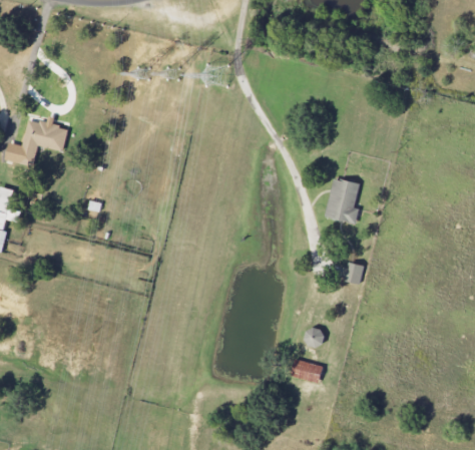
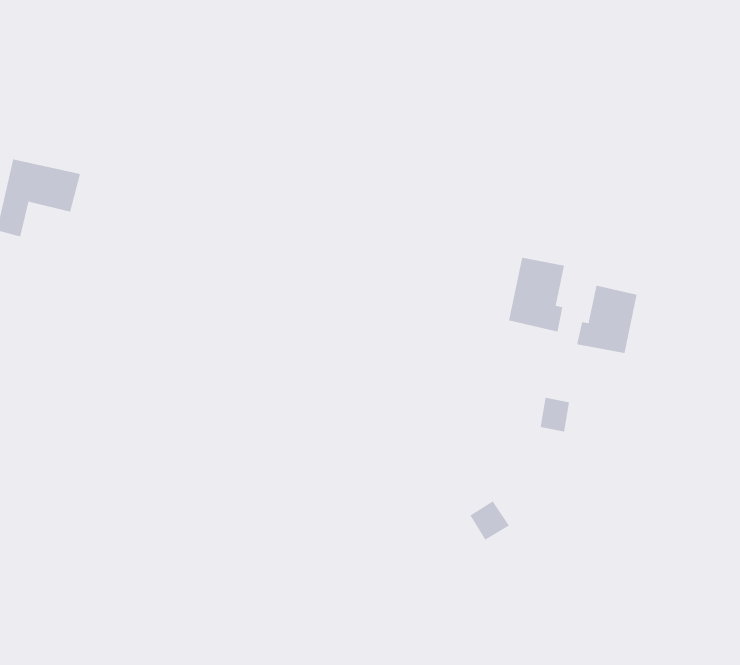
building: none -> [577,285,637,354]
building: [291,359,323,384] -> none

